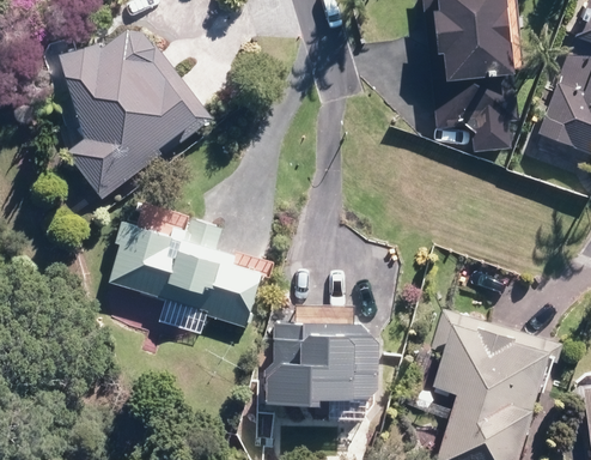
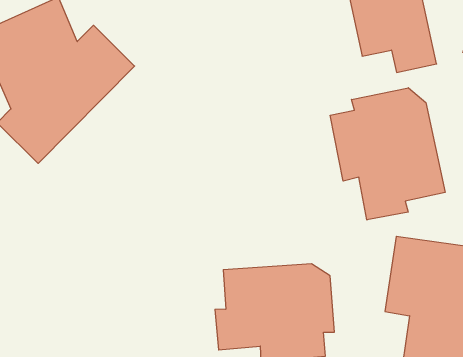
building: none -> [330,88,445,220]
building: [106,224,263,339] -> none

